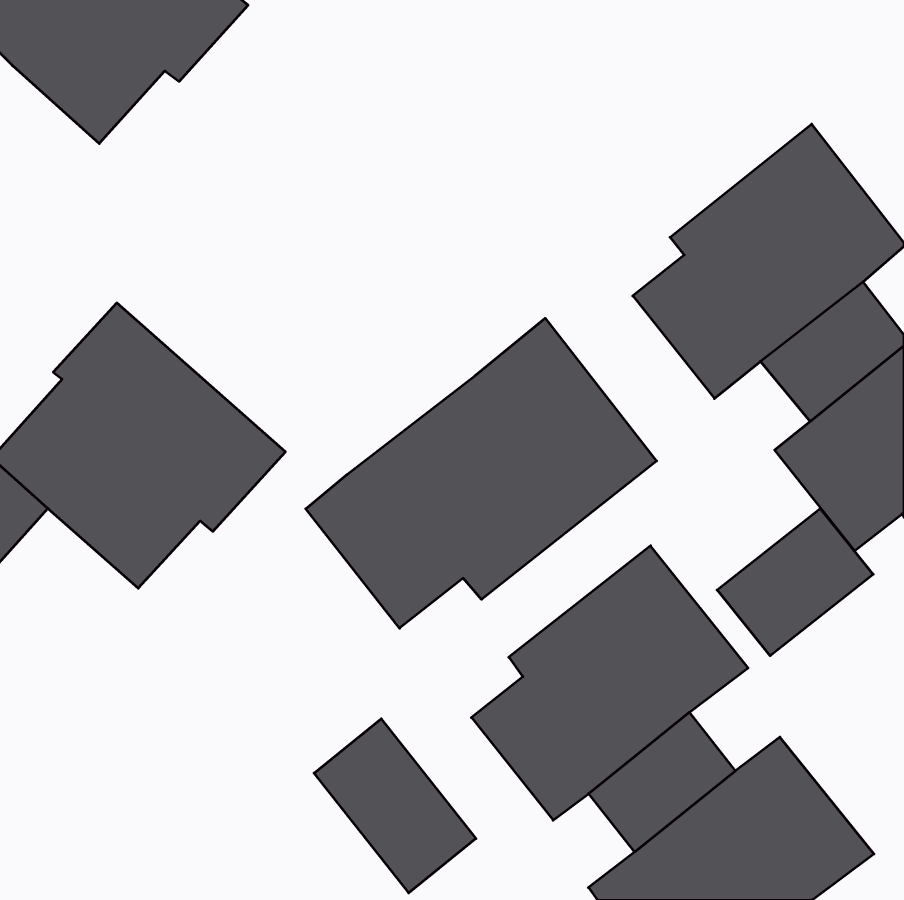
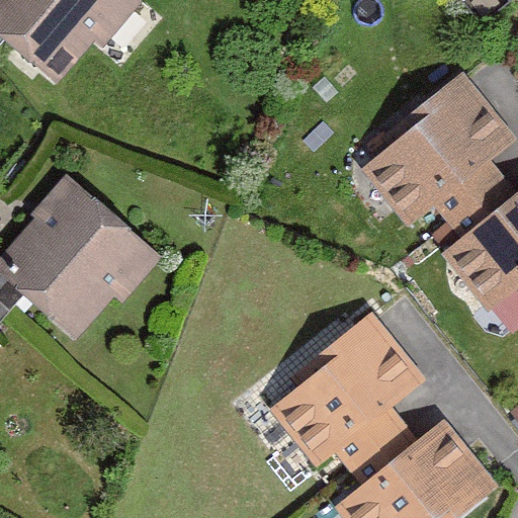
building: [306,318,657,628] -> none
building: [717,509,873,656] -> none
building: [314,719,476,893] -> none

